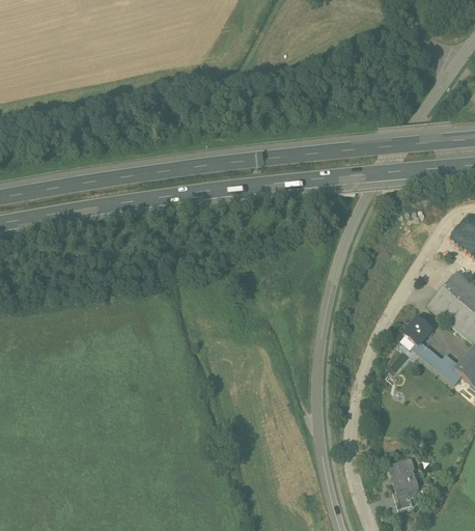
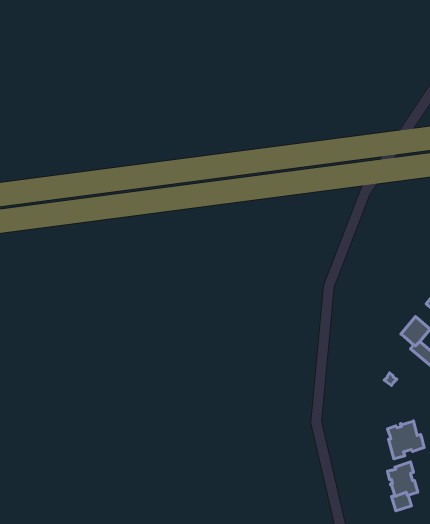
building: none -> [387,421,424,459]

